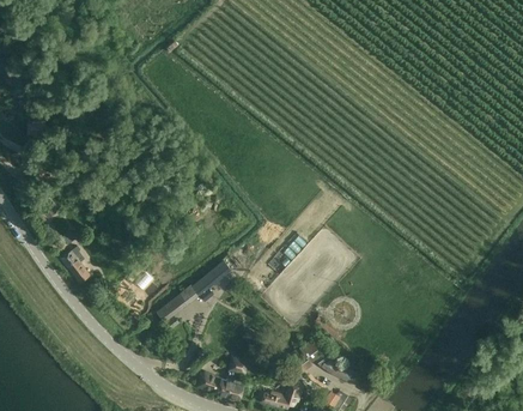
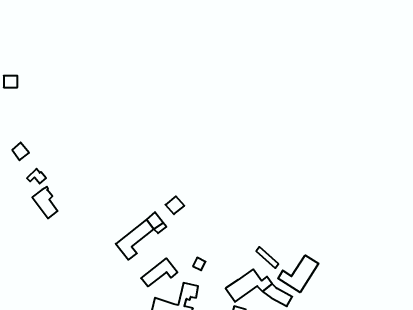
building: none -> [278,255,318,292]
building: none -> [141,258,177,286]

